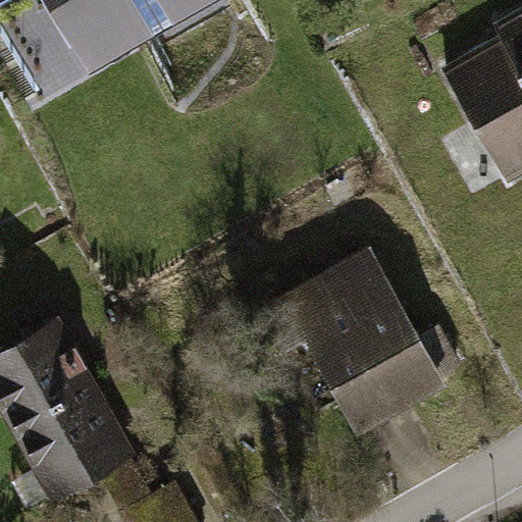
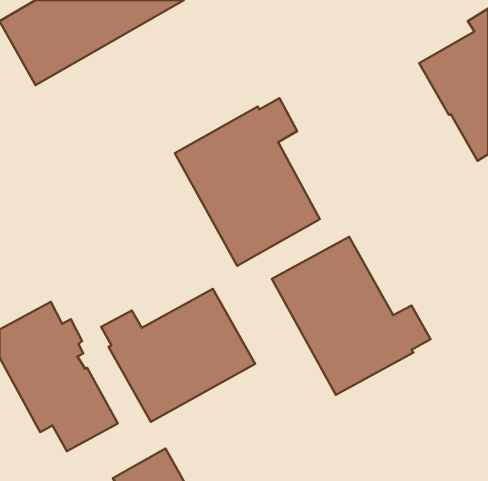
building: none -> [175,98,320,266]
building: none -> [101,289,255,422]

